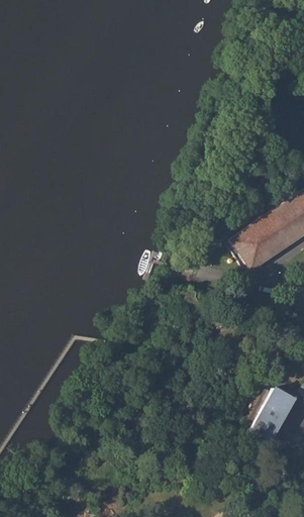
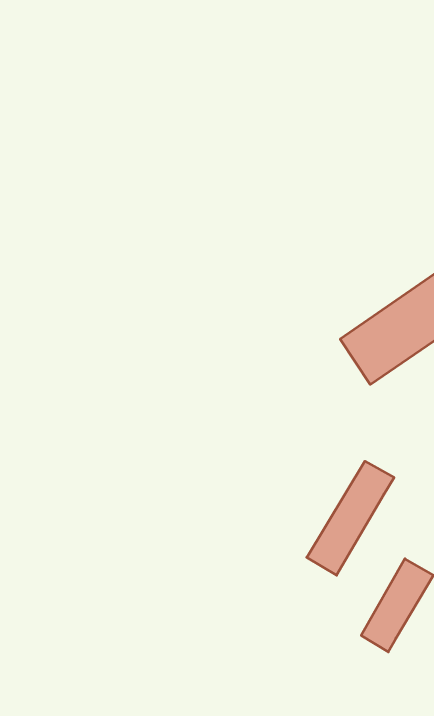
building: none -> [307,461,394,575]

